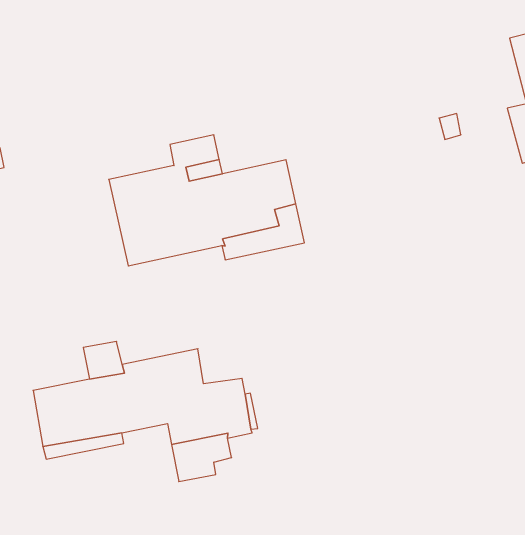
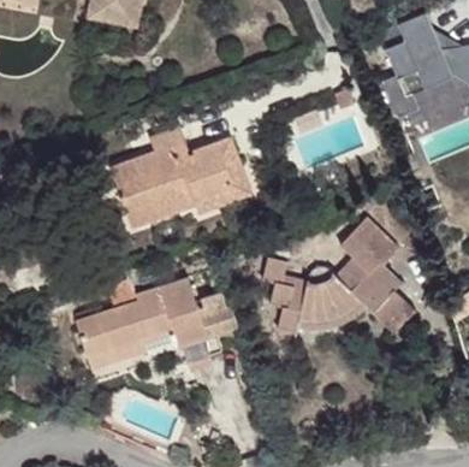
building: none -> [261,217,415,335]

